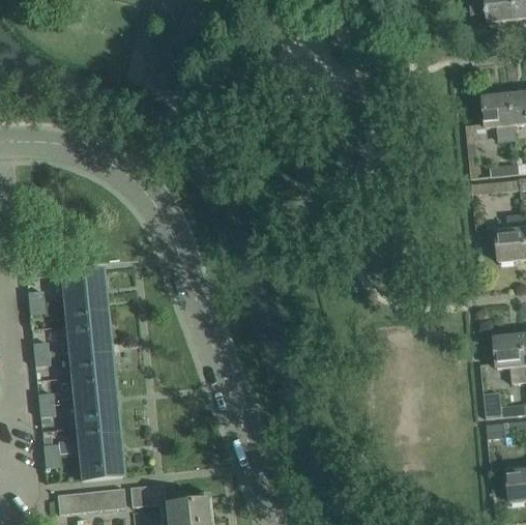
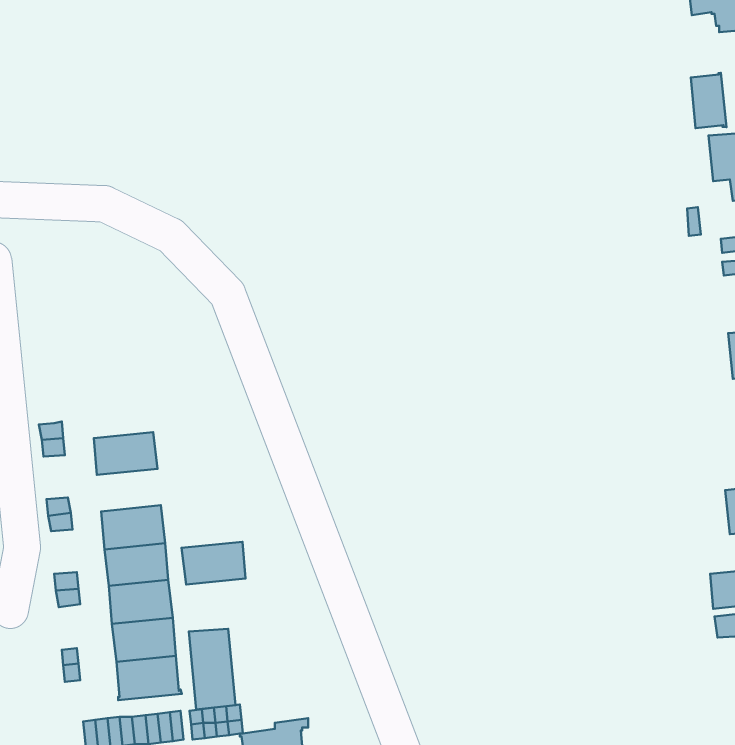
building: none -> [691,73,726,128]
building: [60,269,105,302] -> none
building: [66,323,110,352] -> [181,542,245,584]
building: none -> [189,629,235,710]

